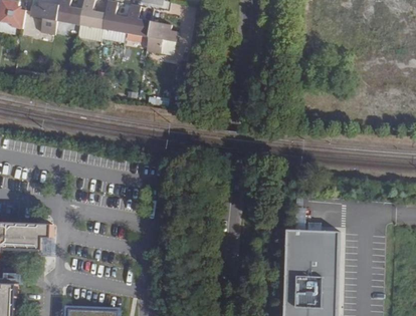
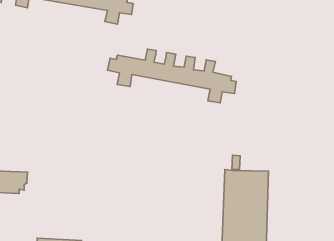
building: none -> [108,49,236,103]

